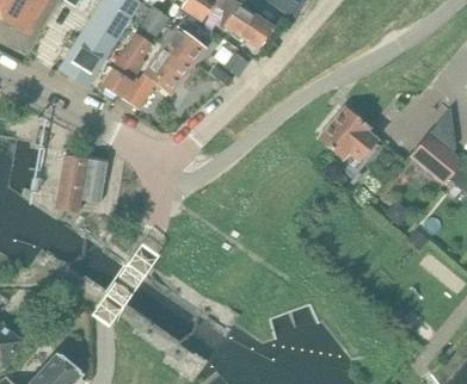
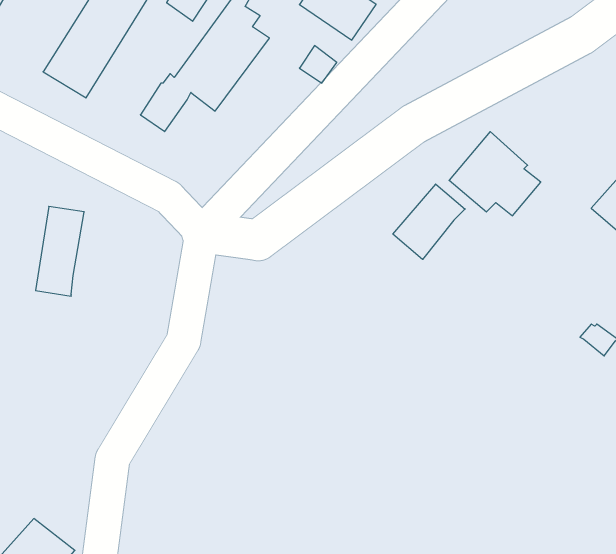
building: [100,31,153,97] -> none
building: none -> [393,184,465,259]
building: [79,157,105,202] -> none

